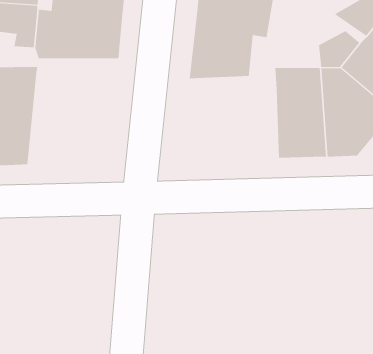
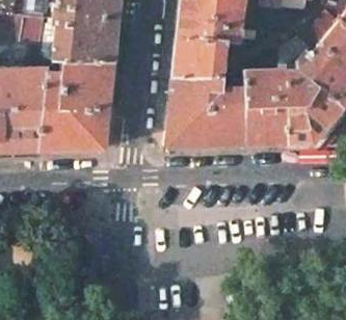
building: none -> [37,62,113,151]
building: none -> [164,77,246,148]

